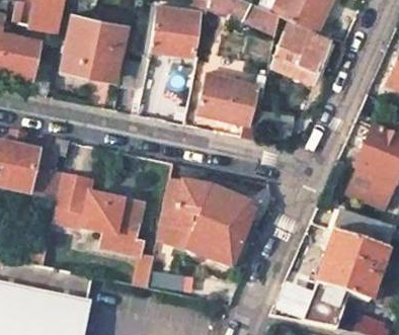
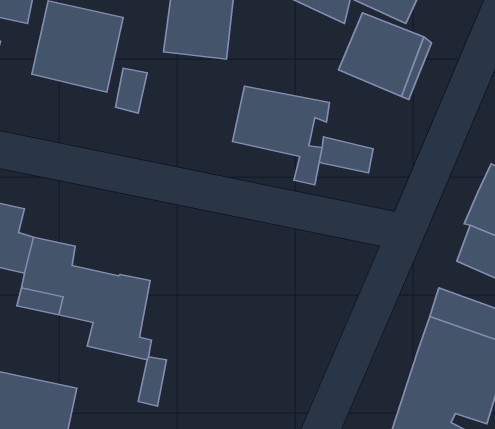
building: [157,179,254,269] -> none

